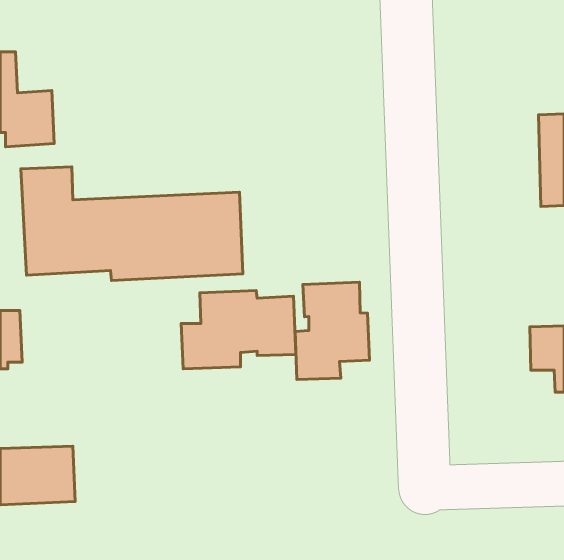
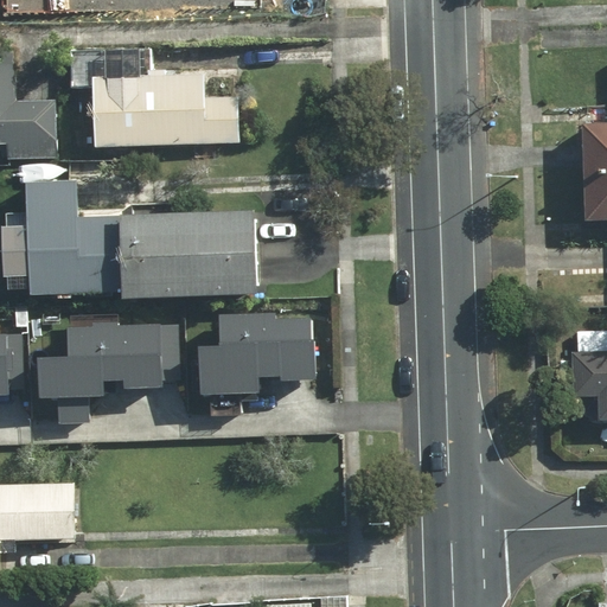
building: none -> [90,74,239,145]
building: [295,282,369,380] -> none
building: none -> [33,324,160,423]

